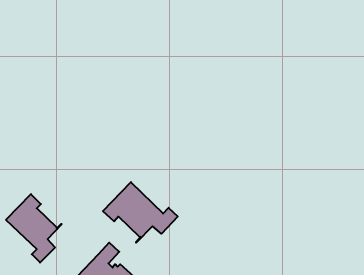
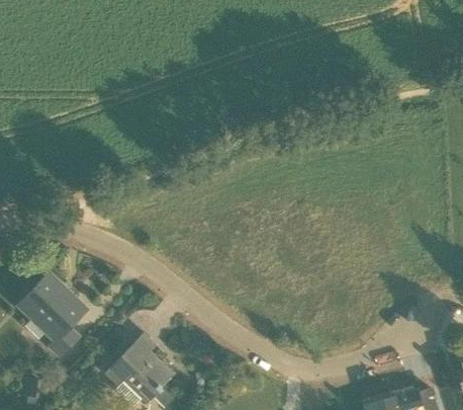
building: [103,182,178,243] -> none

